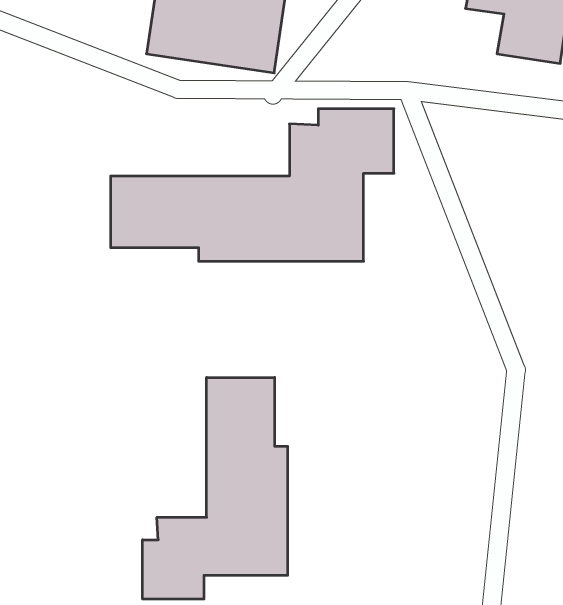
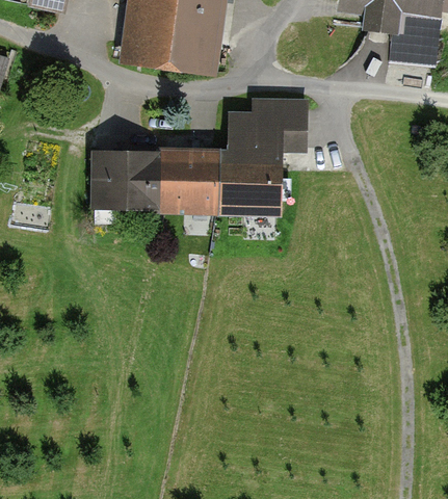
building: [143,377,288,599] -> none

